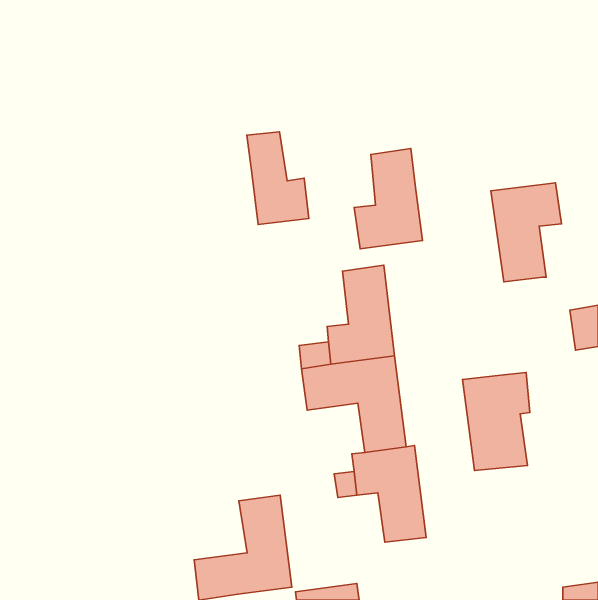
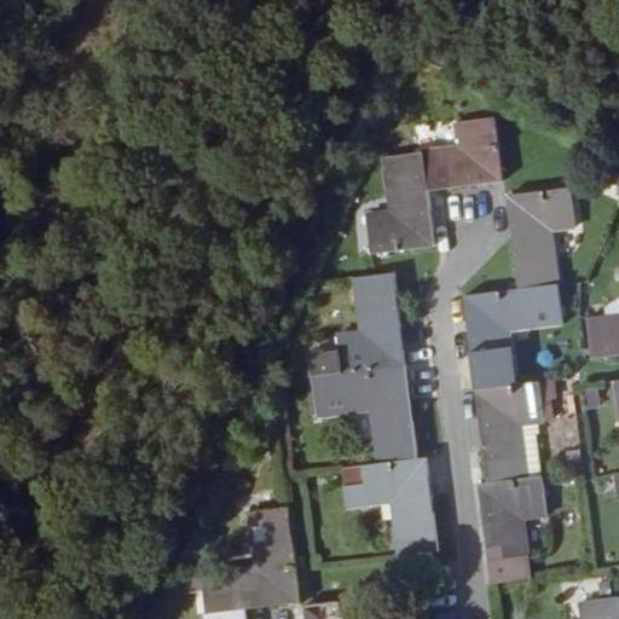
building: none -> [422,117,503,192]
building: [247,132,309,225] -> none
building: none -> [464,284,562,389]
building: none -> [479,478,545,584]

